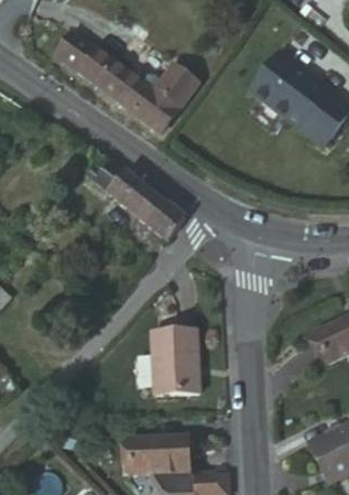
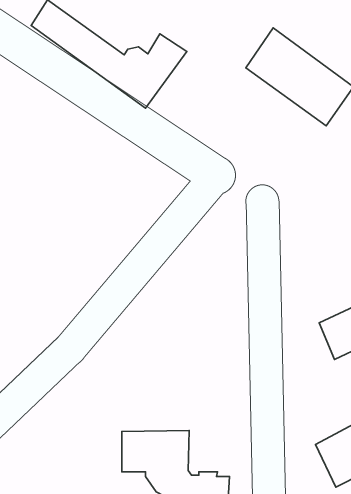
building: [85,164,181,239] -> none
building: [151,334,200,395] -> none

